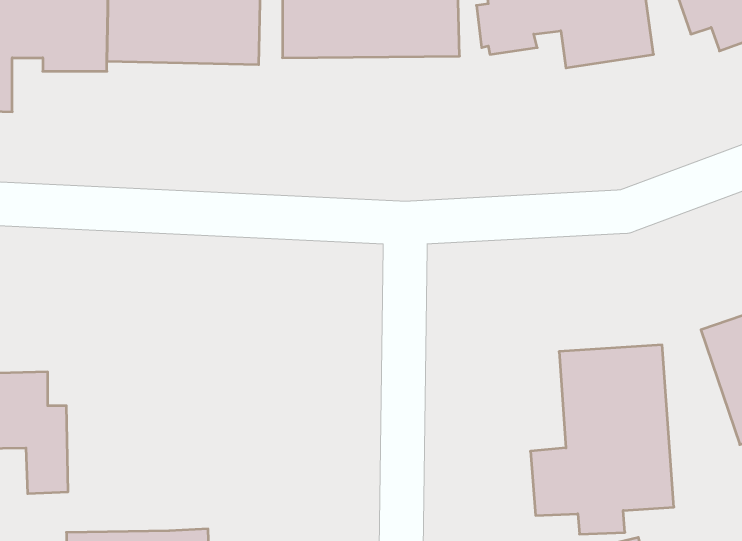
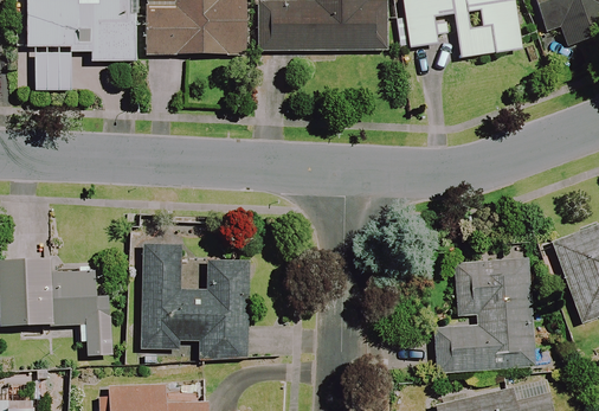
building: none -> [142,243,250,359]

